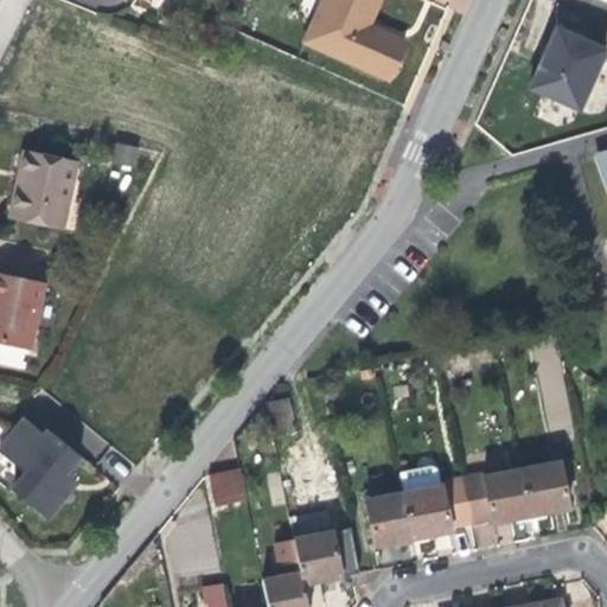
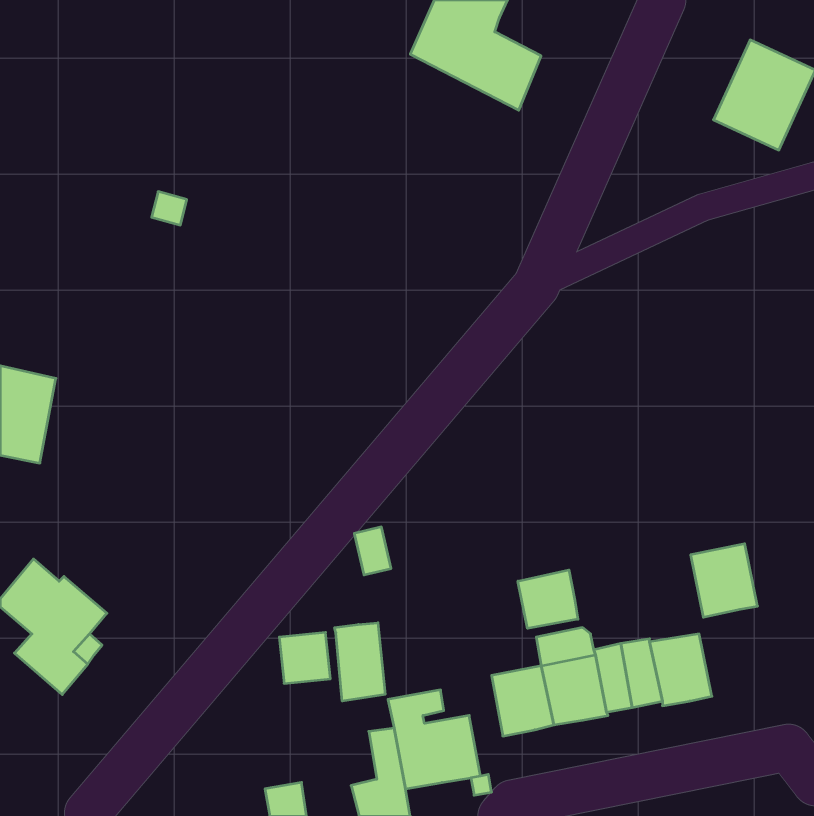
building: [11,153,74,226] -> none
building: none -> [518,570,578,628]
building: none -> [335,623,385,701]
building: [520,462,570,517] -> [691,544,758,617]

